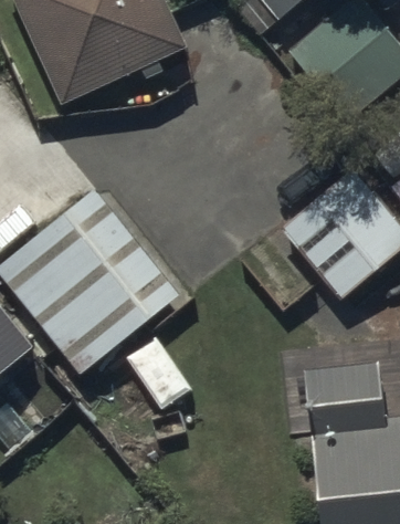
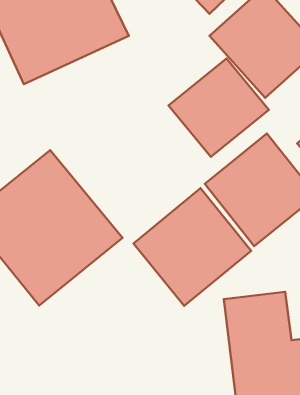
building: none -> [168,59,269,157]
building: none -> [134,188,251,306]

